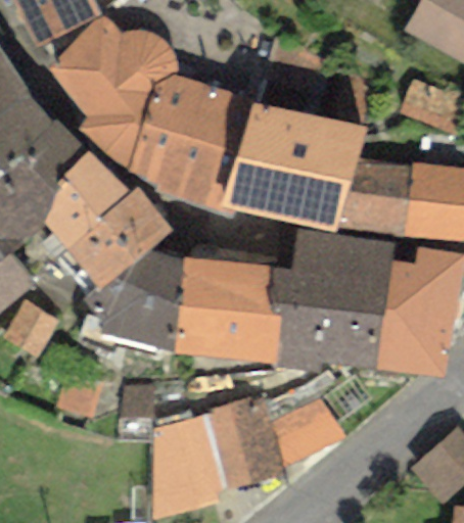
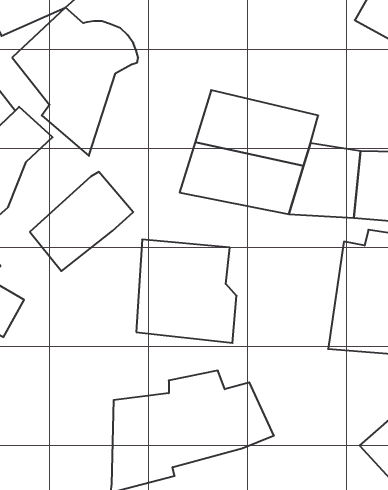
building: [128,75,254,207] -> none
building: [44,150,130,248] -> none
building: [270,228,396,370] -> none
building: [83,247,183,352] -> none

